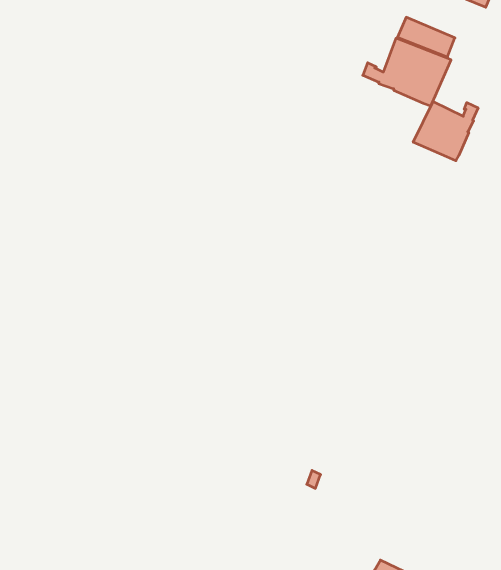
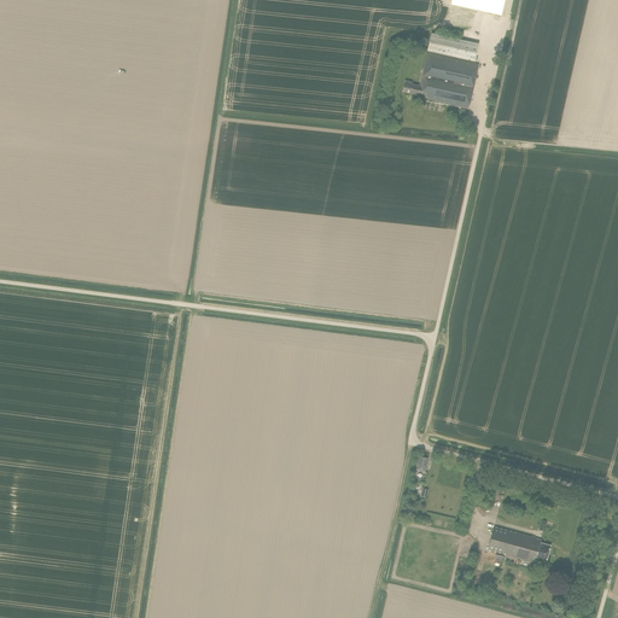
building: [413,101,478,161] -> none

